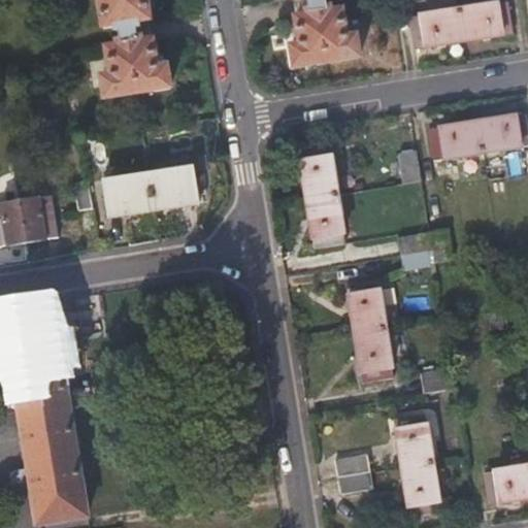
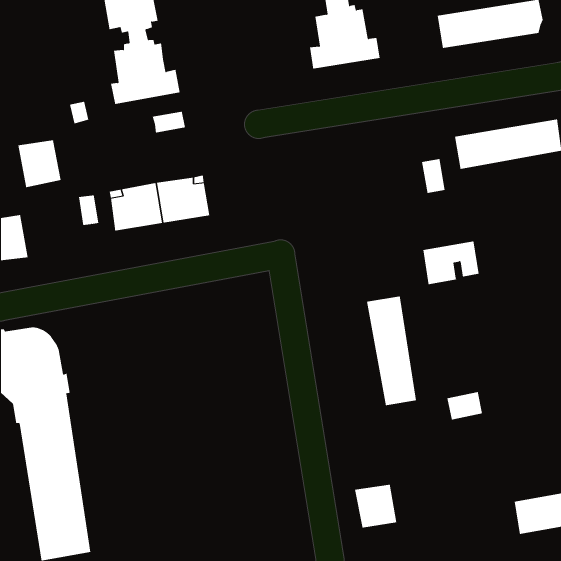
building: [296,143,343,245] -> none
building: [21,196,62,241] -> [18,140,62,188]
building: [393,412,440,514] -> none

